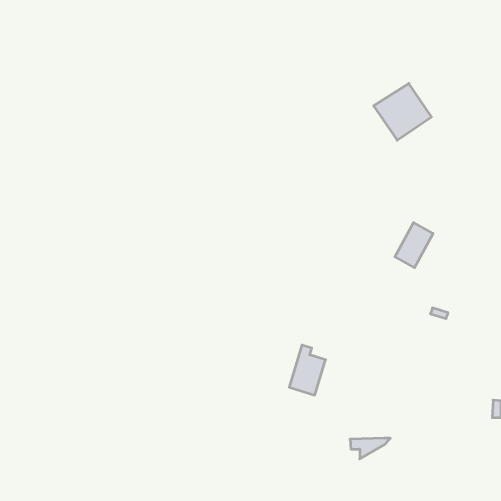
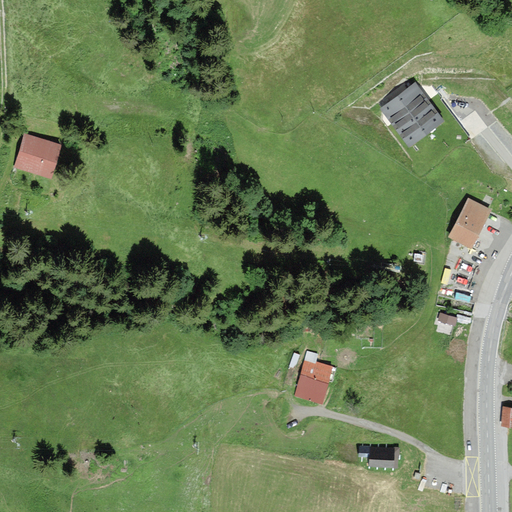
building: none -> [15,135,60,178]
building: [395,223,433,268] -> [450,201,489,247]

